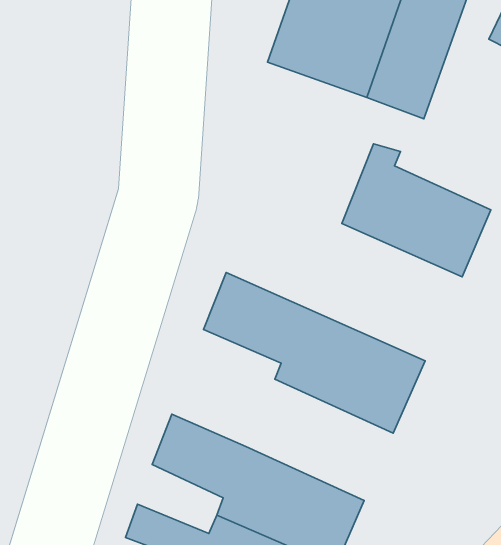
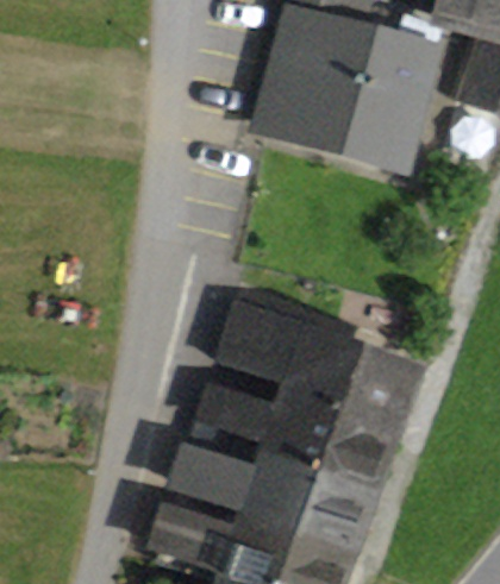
building: [342,144,491,277] -> none
building: none -> [190,390,386,502]

